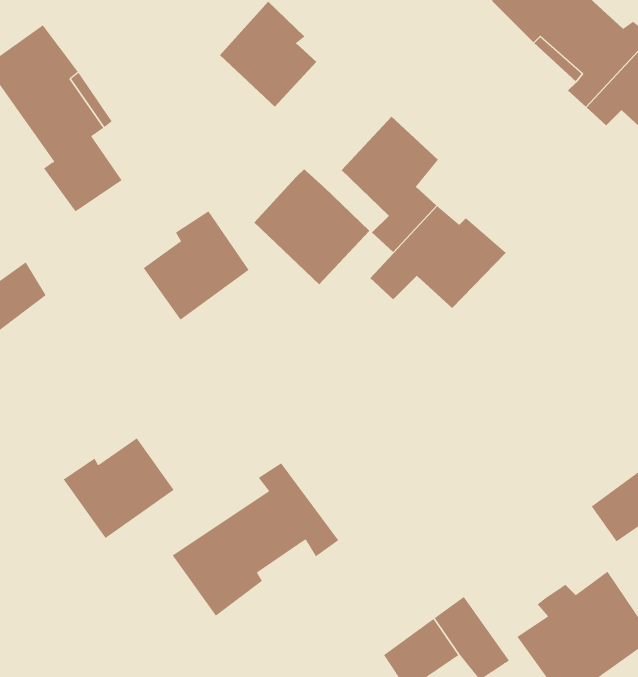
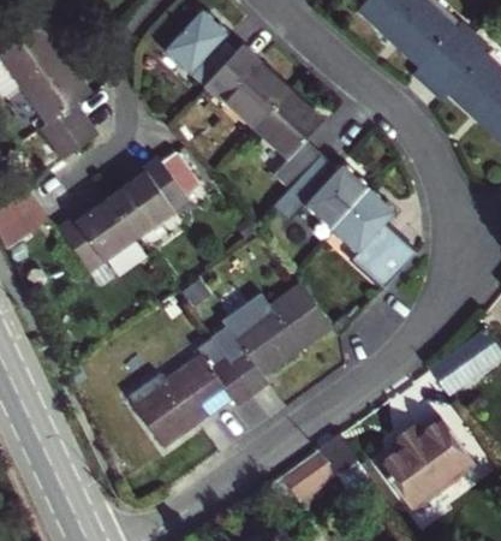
building: [253,168,370,285] -> [205,46,288,129]
building: none -> [332,188,417,287]
building: none -> [210,285,332,392]
building: [63,437,174,539] -> [59,198,138,270]

